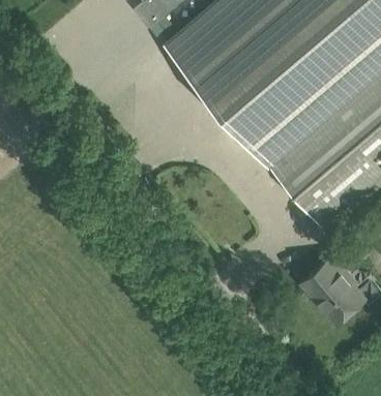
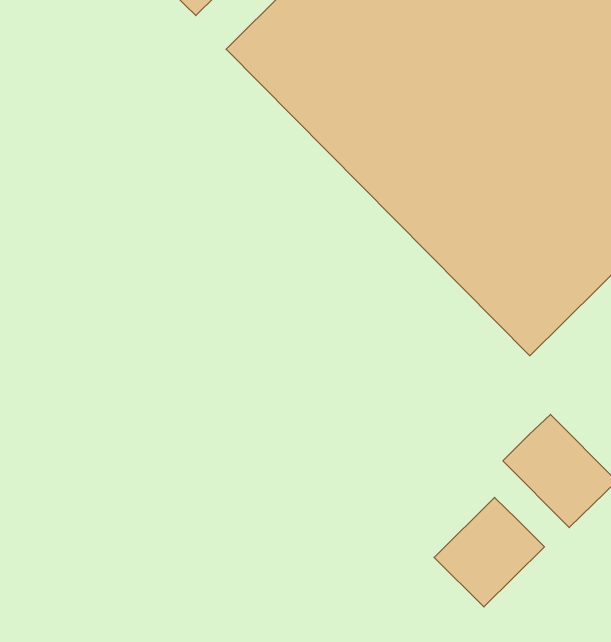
building: none -> [434,497,544,607]

